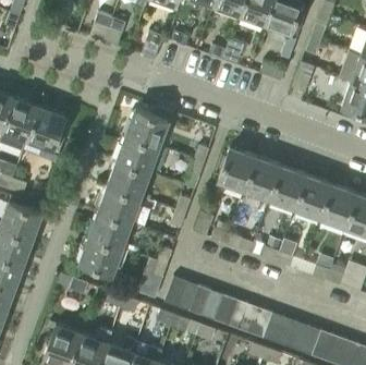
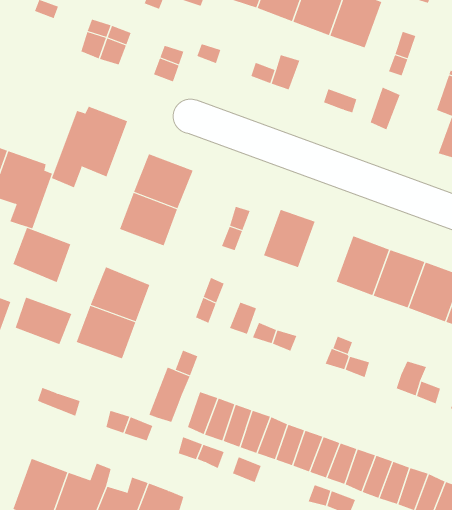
building: none -> [51,106,128,188]
building: [243,157,281,199] -> none
building: [107,162,148,202] -> [12,227,71,283]
building: [78,242,119,276] -> [15,297,72,345]

